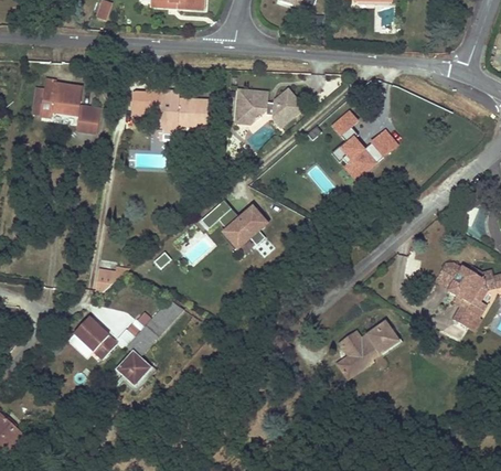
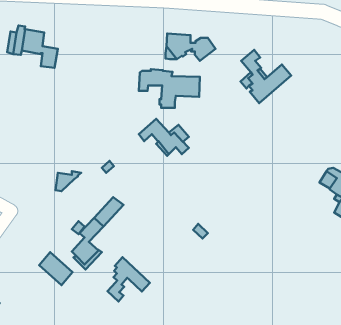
building: [130,90,209,140] -> [139,69,200,108]
building: [73,318,116,360] -> [39,252,73,285]
building: [337,321,397,377] -> none
building: none -> [108,257,150,302]

